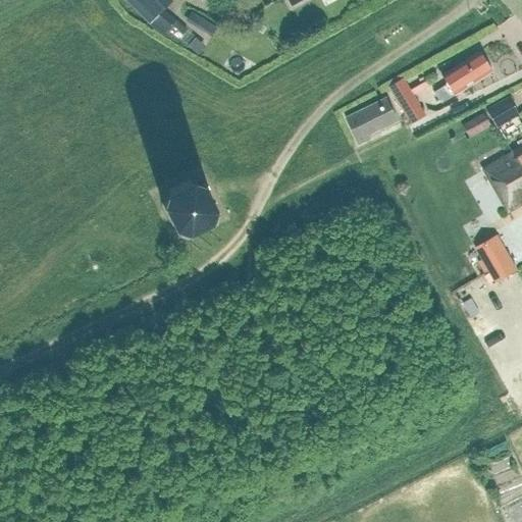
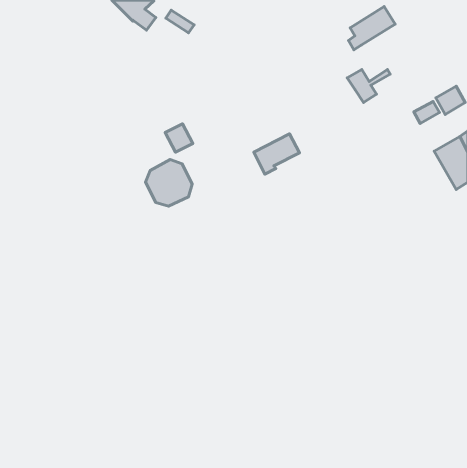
building: [440,51,492,99] -> [348,7,395,50]
building: [347,98,398,143] -> [254,134,300,174]
building: none -> [165,124,193,152]
building: [482,249,516,282] -> none

